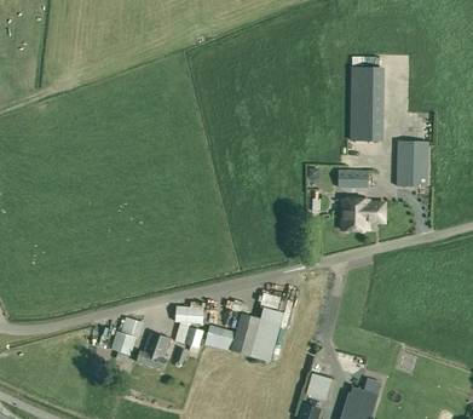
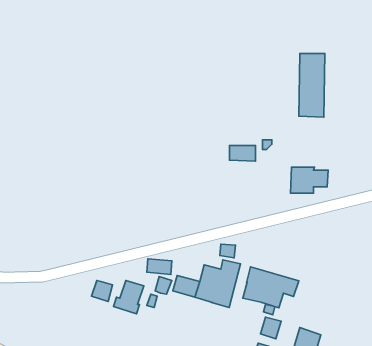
building: [397,142,428,188] -> none
building: [338,171,368,189] -> [229,146,255,161]
building: none -> [243,267,299,308]

